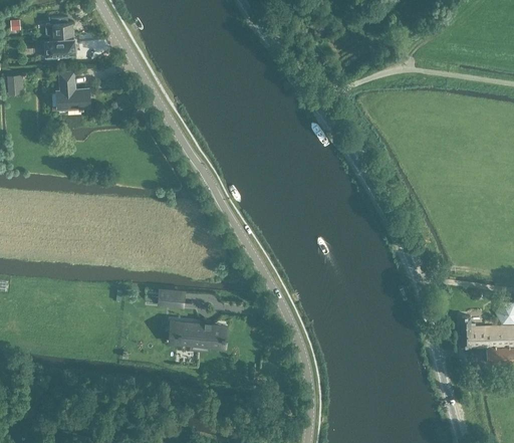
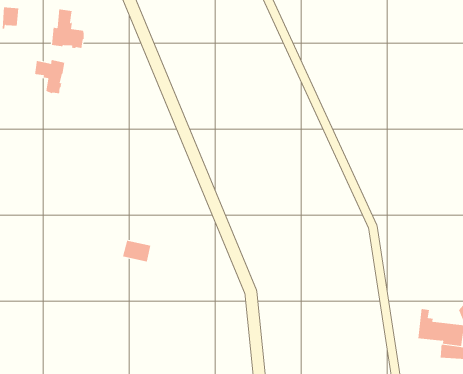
building: none -> [34,59,65,94]
building: [179,320,226,352] -> none

